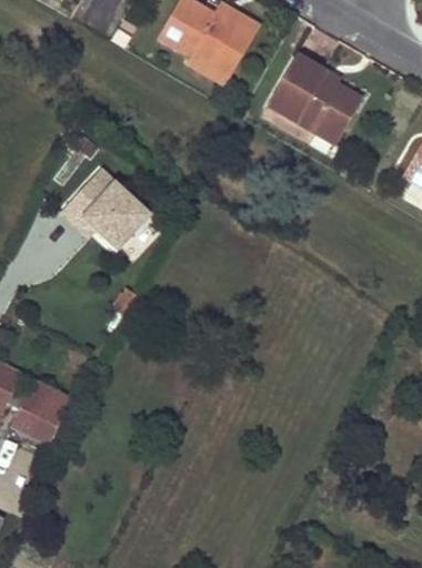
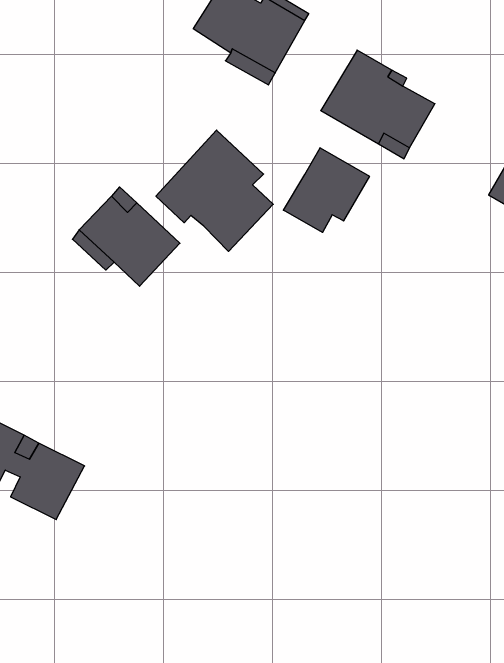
building: none -> [156,130,273,251]
building: none -> [283,148,369,232]

